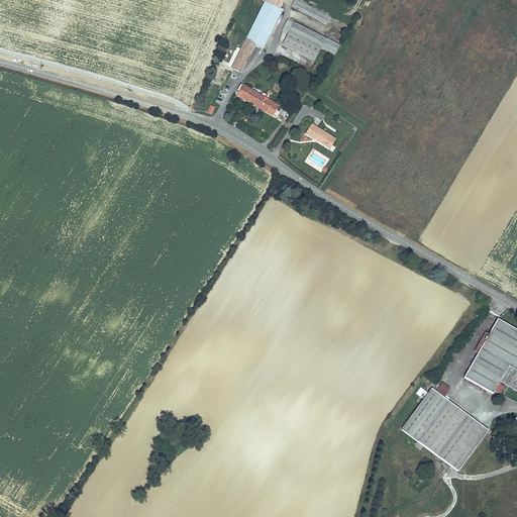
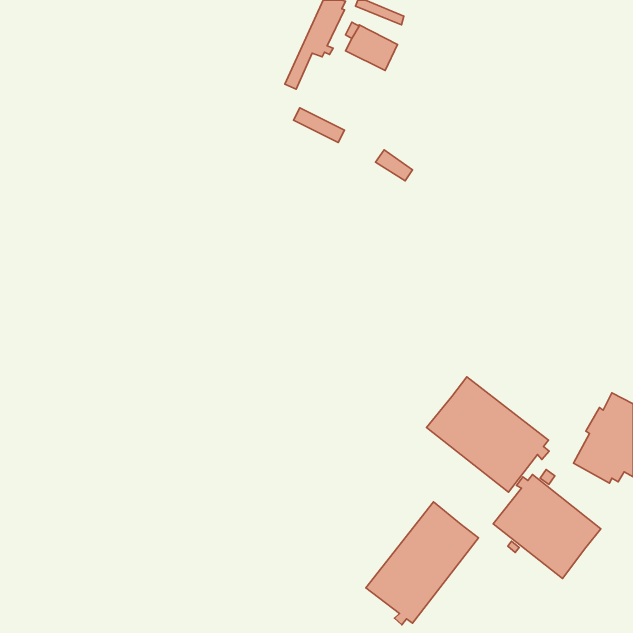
building: none -> [427,377,549,492]
building: none -> [366,502,479,625]

